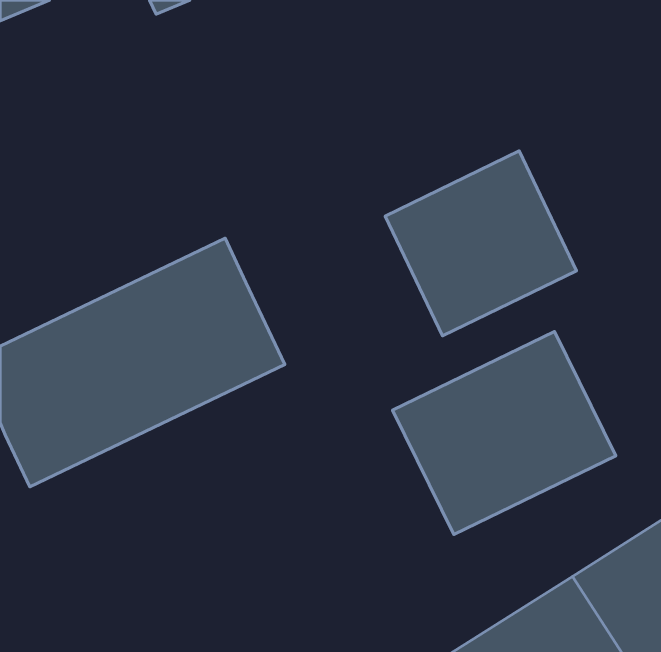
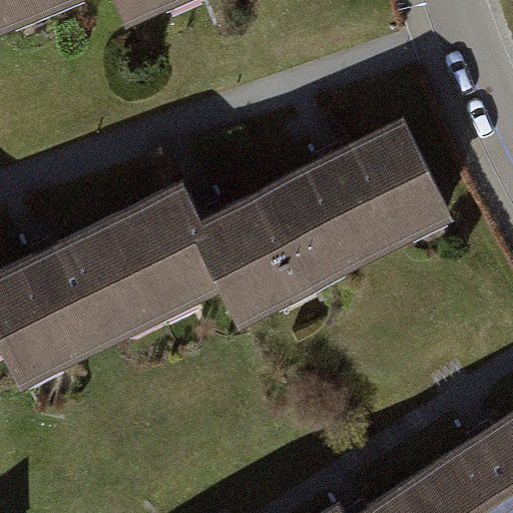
building: none -> [192,176,344,321]
building: [392,331,616,535] -> none

